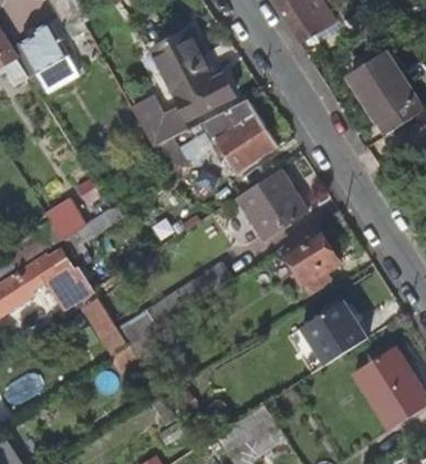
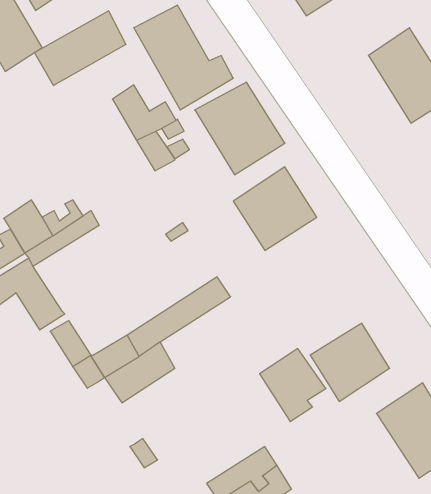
building: none -> [35,11,126,86]
building: [283,230,339,291] -> [260,349,326,422]

